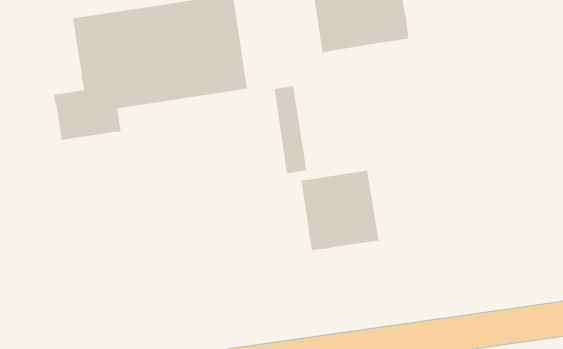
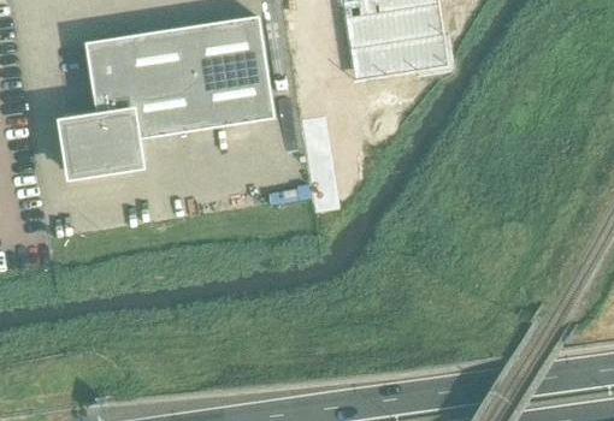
building: [301,170,379,251] -> none

